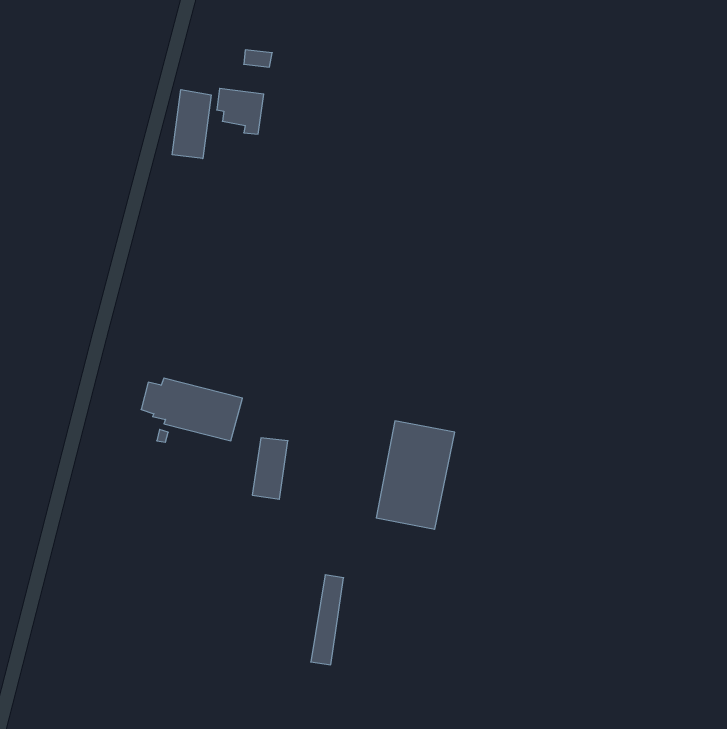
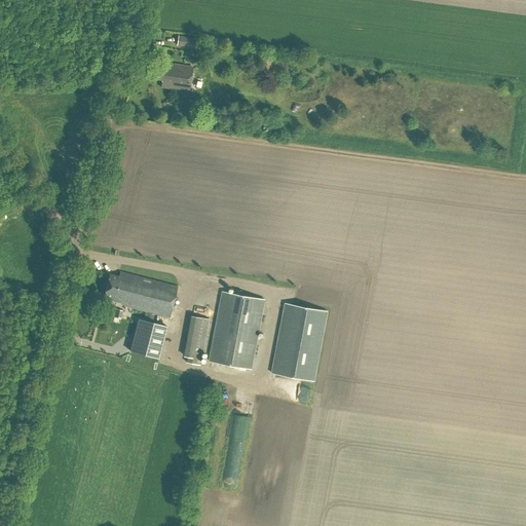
building: [172,90,211,159] -> none
building: none -> [209,291,265,369]
building: none -> [128,318,166,359]

